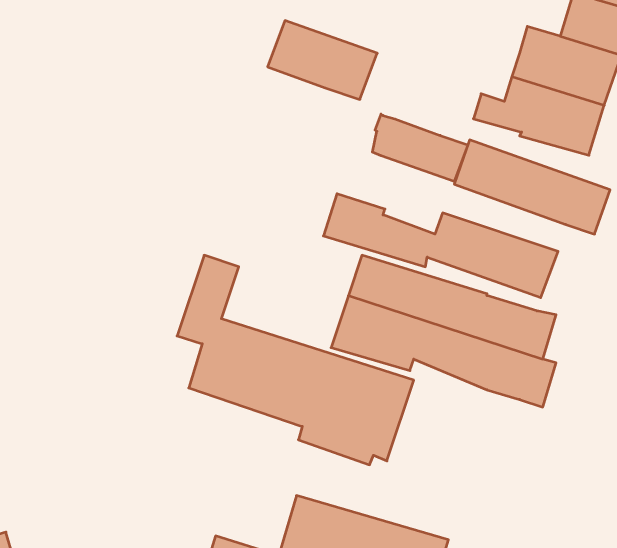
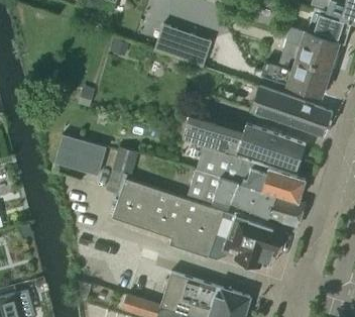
building: [372,114,468,182] -> none
building: none -> [53,134,105,175]
building: none -> [216,212,283,266]

